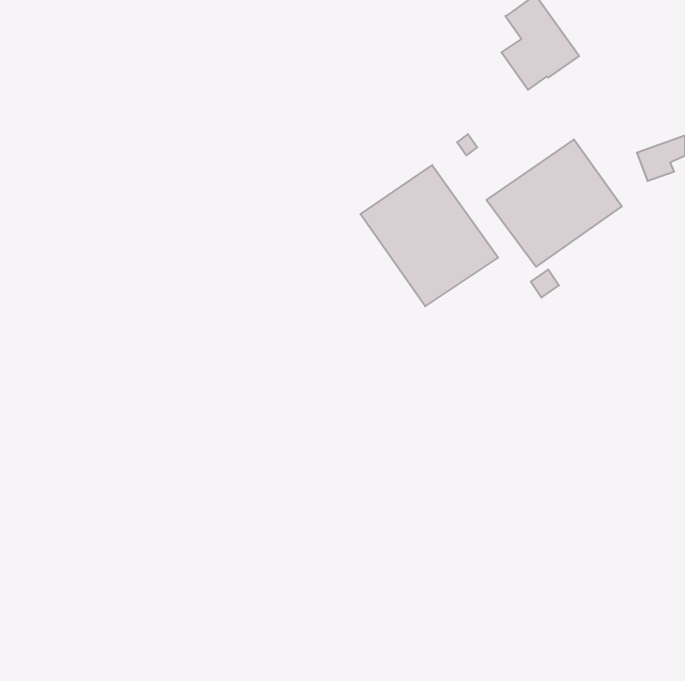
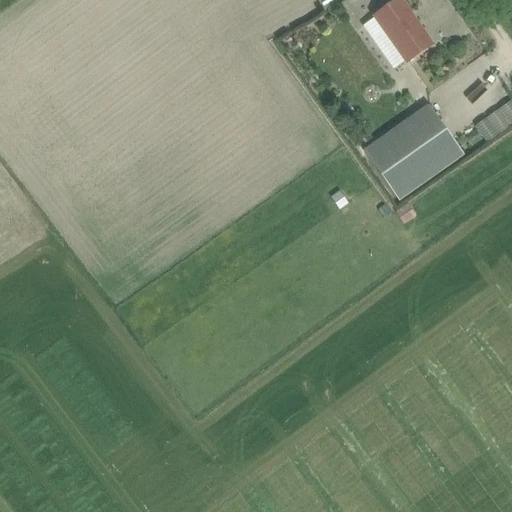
building: [360,165,498,306] -> none

